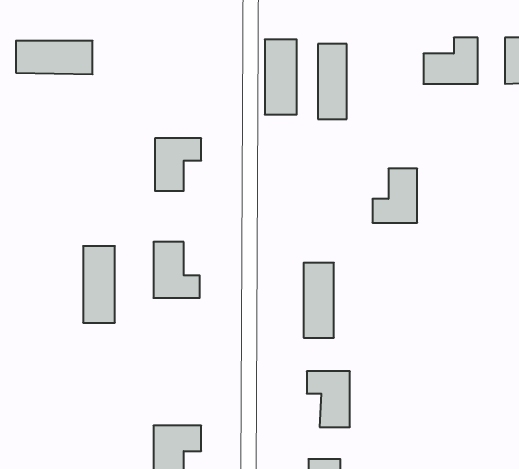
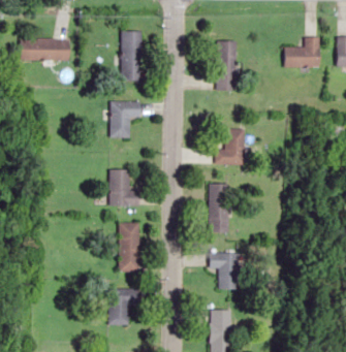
building: [265,39,297,115] -> [121,31,141,79]
building: [372,169,417,223] -> [213,129,242,164]
building: [83,246,115,323] -> [119,222,139,271]

